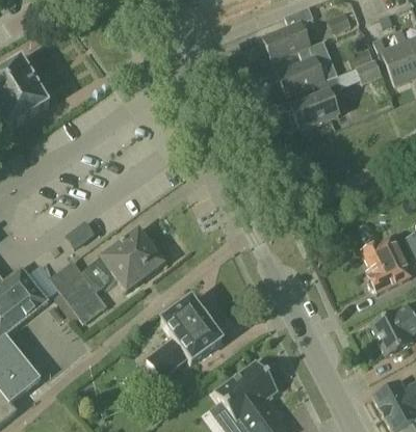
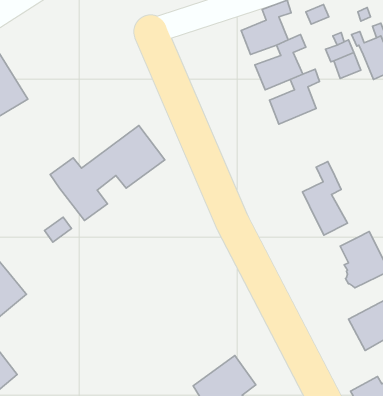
building: none -> [302,161,348,235]
building: [50,228,164,323] -> [50,126,165,220]
building: [147,298,223,377] -> none

